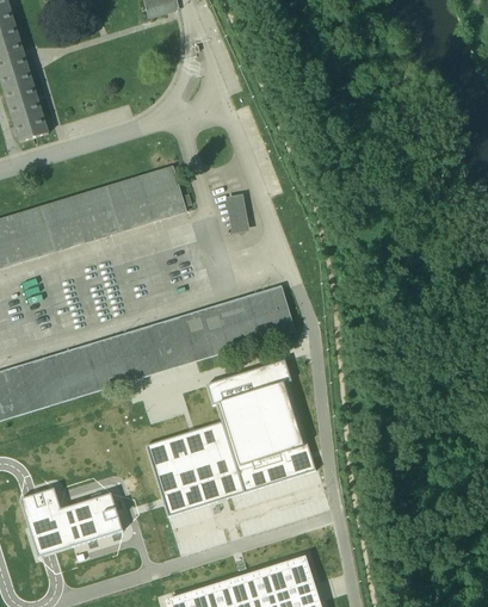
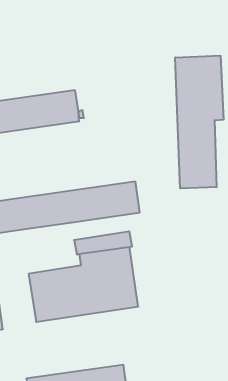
building: none -> [175,56,223,188]
building: [227,193,251,233] -> none

